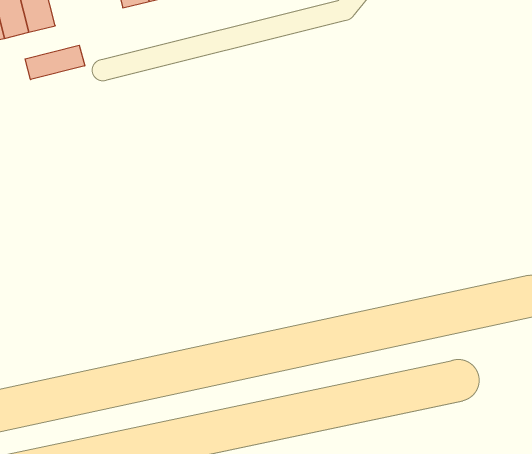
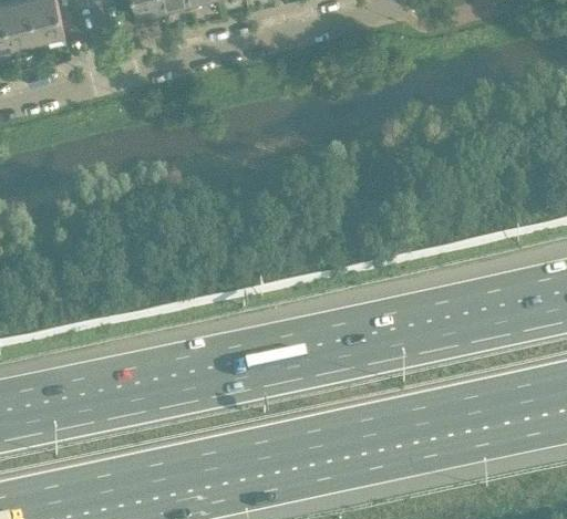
building: [25,45,85,80] -> none

